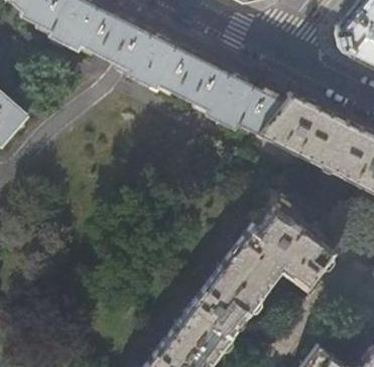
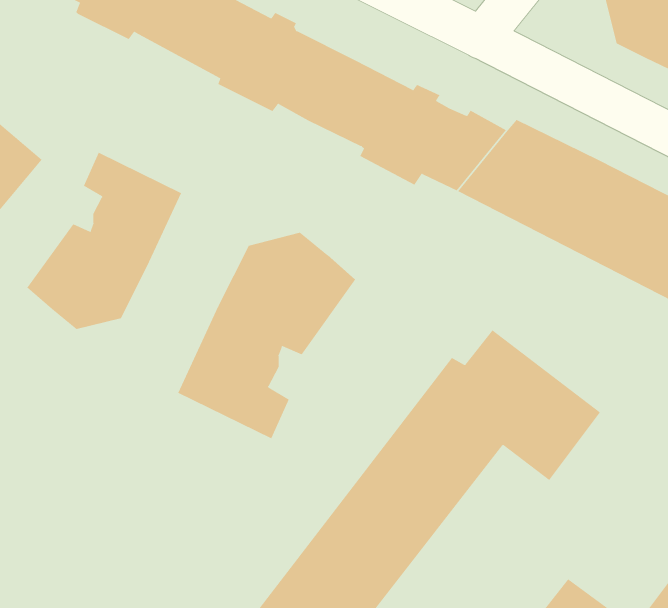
building: none -> [26,152,182,330]
building: none -> [177,232,356,439]

